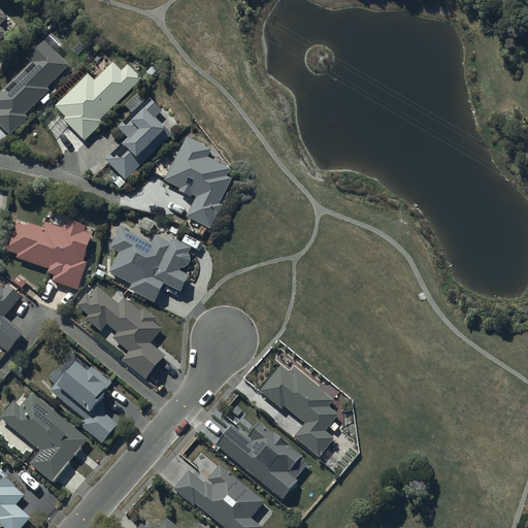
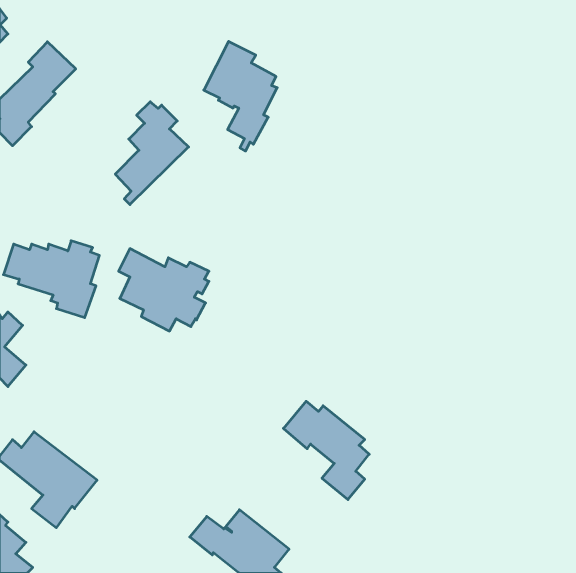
building: [56,60,142,139] -> none
building: [164,136,231,236] -> [204,41,277,151]
building: [76,286,164,381] -> none
building: [46,362,119,444] -> none
building: [216,422,301,499] -> none

